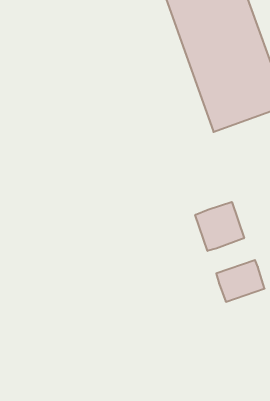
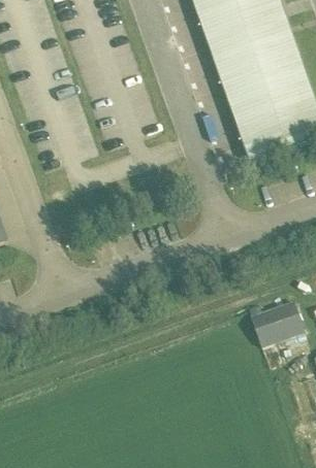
building: [195,202,244,251] -> none

